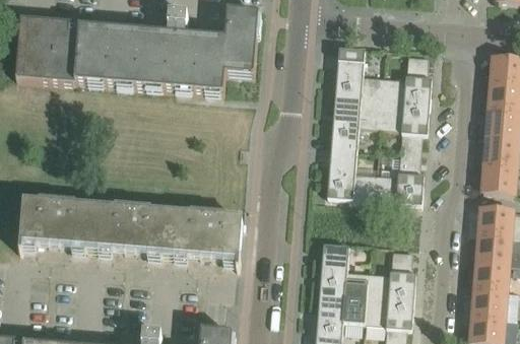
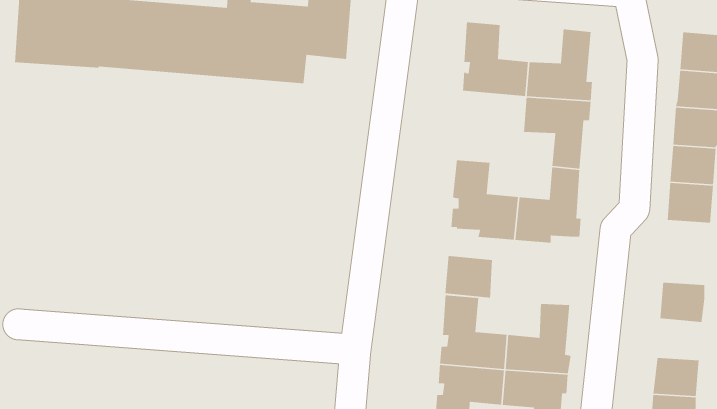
building: [332,94,382,145] -> none
building: [20,196,242,254] -> none
building: [479,203,513,232] -> none
building: none -> [444,255,493,299]
building: [475,257,508,286] -> none

